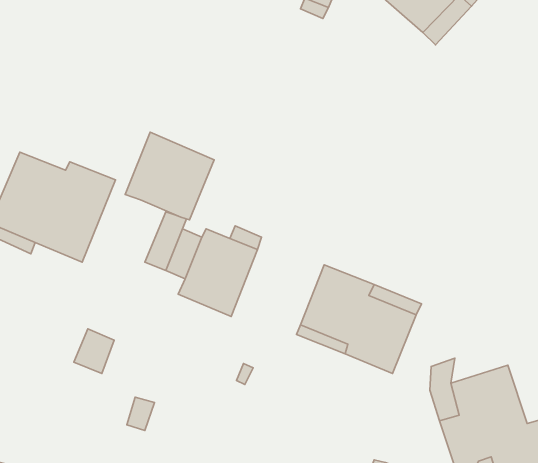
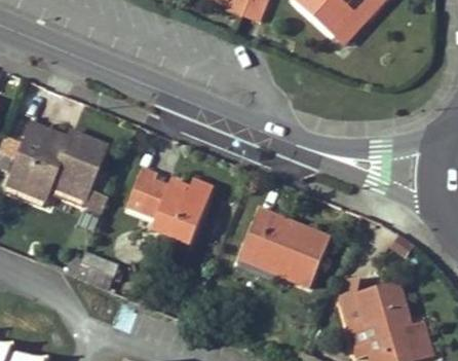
building: [125,132,214,220] -> none

